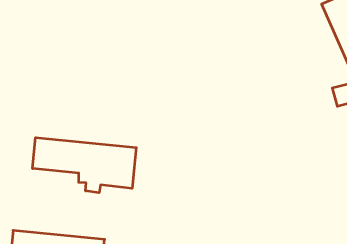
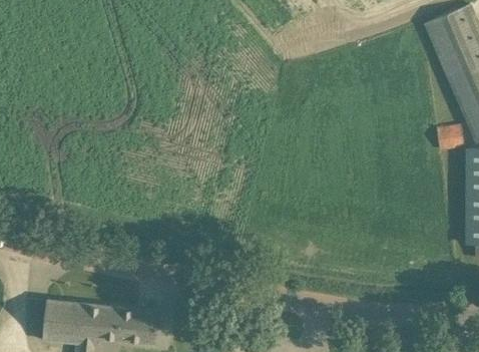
building: [33,138,136,193] -> none

